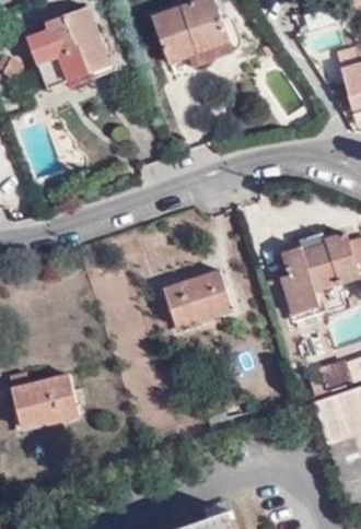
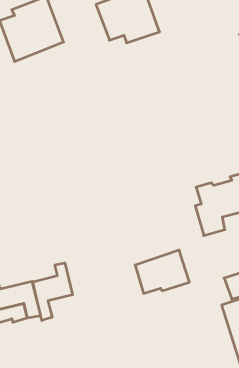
building: [163,269,233,325] -> [135,250,189,293]
building: none -> [33,263,73,321]

